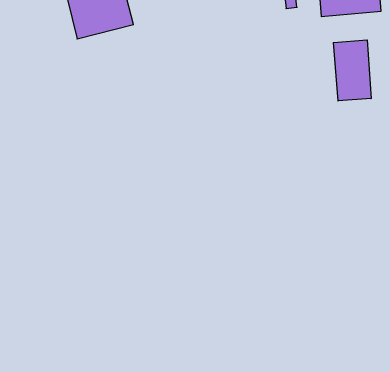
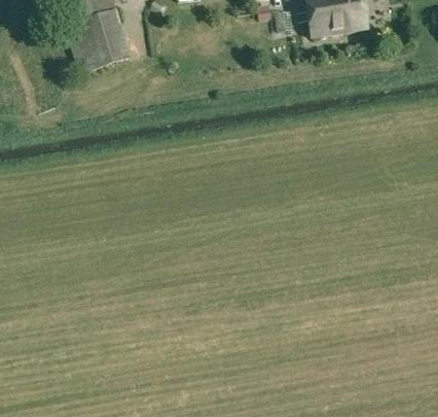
building: [333,40,371,101] -> none

